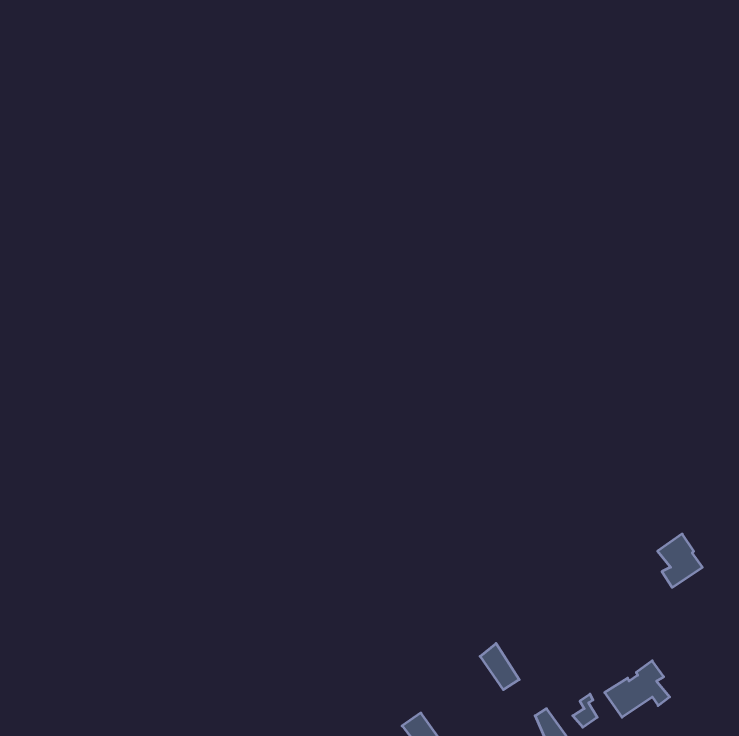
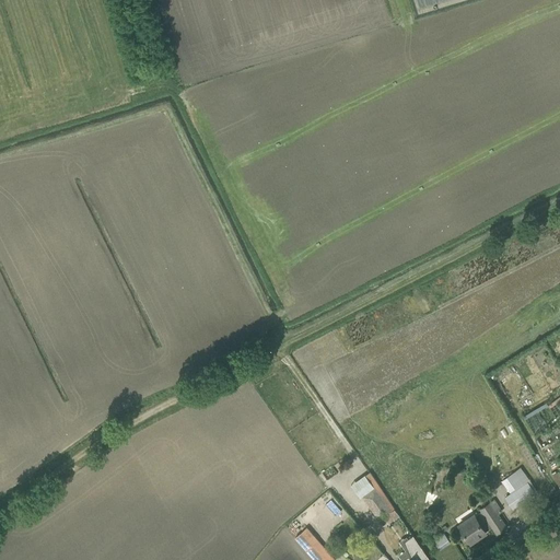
building: [658,534,702,587] -> [502,470,536,511]

